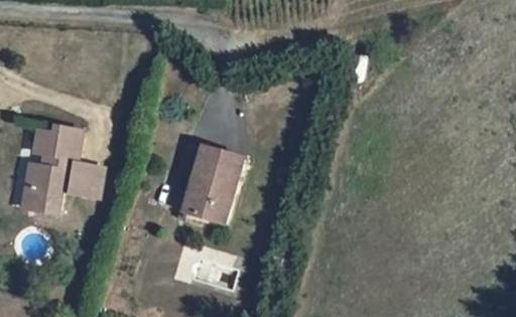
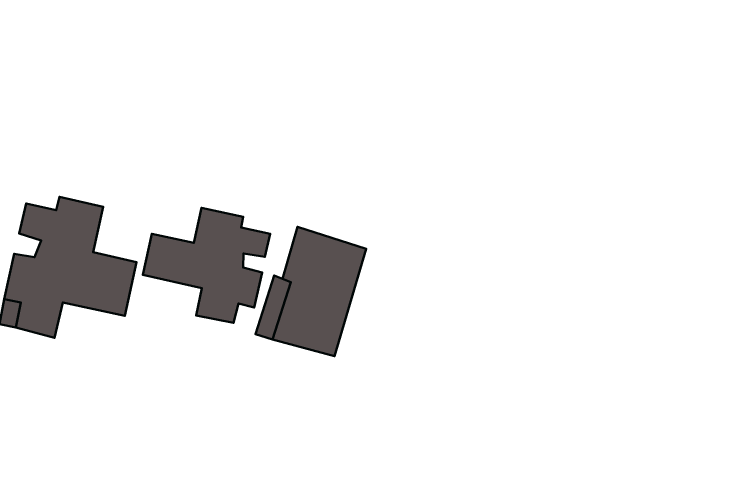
building: none -> [143,208,270,323]

